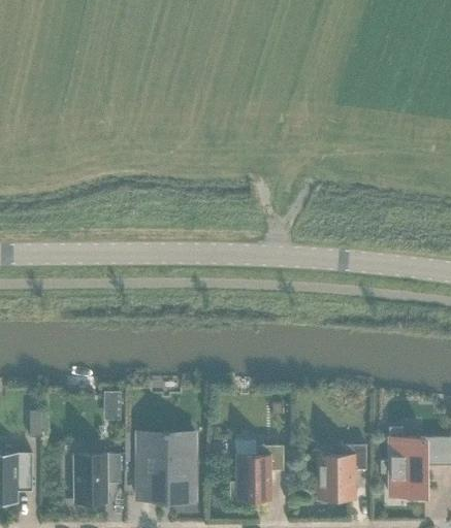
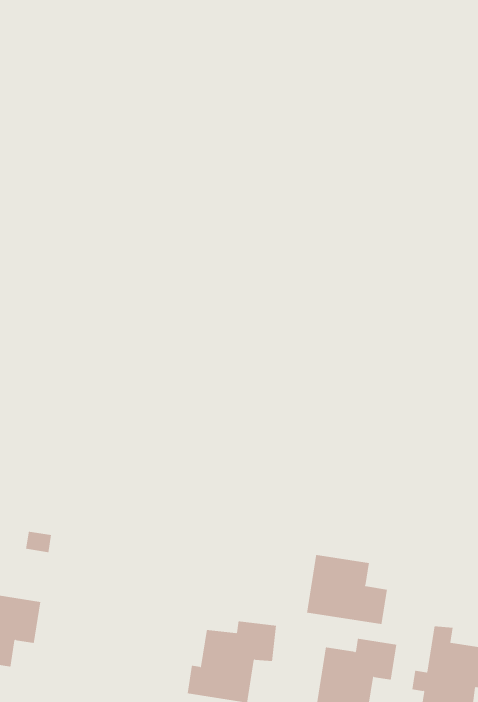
building: none -> [307,554,387,625]
building: [137,433,195,502] -> none

